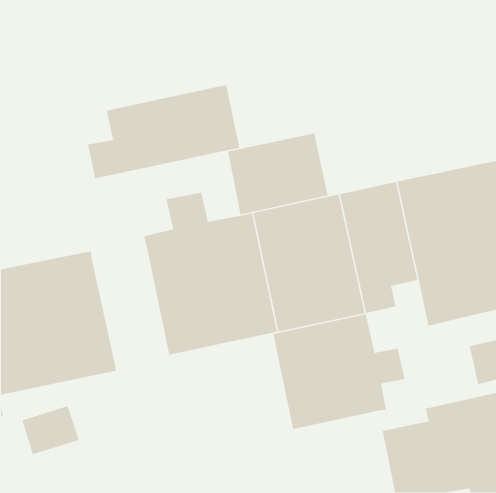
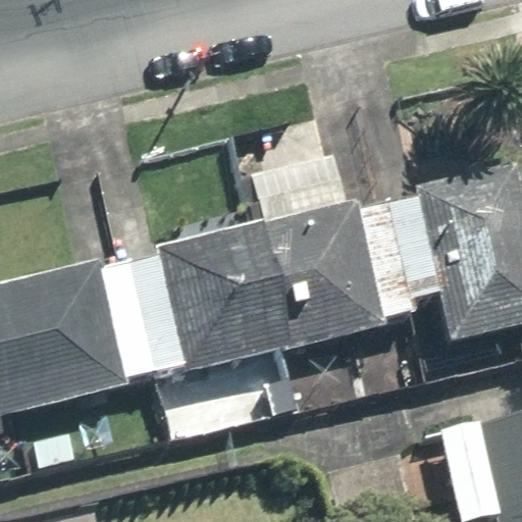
building: [87,84,240,179] -> none
building: none -> [99,259,177,377]
building: [272,313,406,430] -> none

